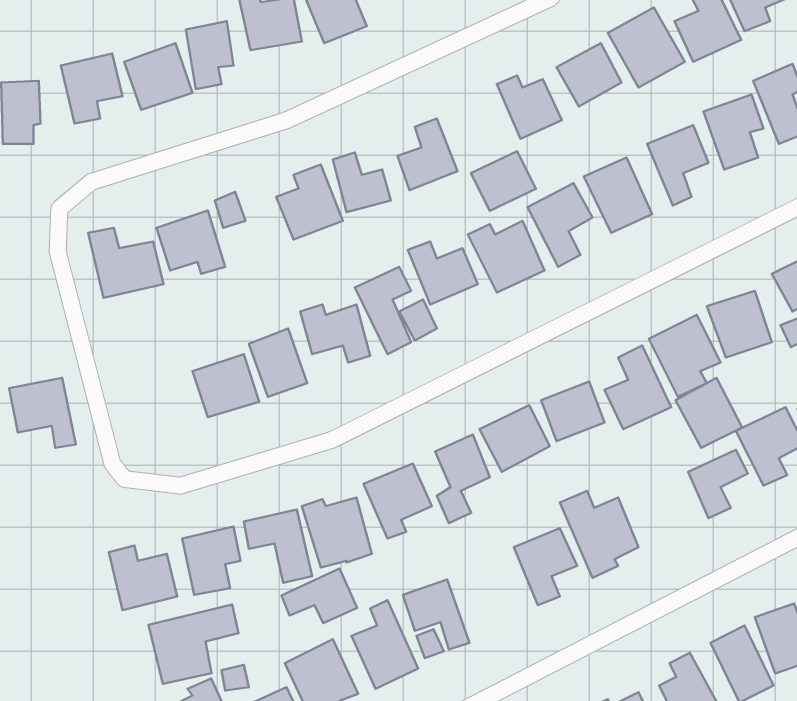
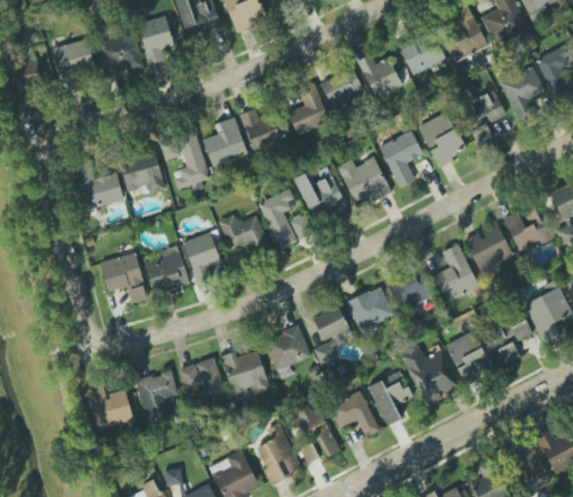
building: [471,151,536,211] -> [319,67,365,109]
building: none -> [172,134,211,188]
building: [9,378,76,448] -> [100,253,147,302]
building: [676,378,742,448] -> [446,333,493,382]
building: none -> [329,390,380,437]
building: [281,569,357,623] -> none
building: [149,604,239,684] -> none

